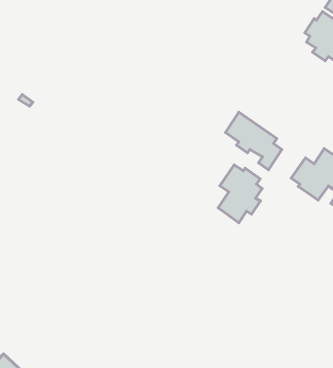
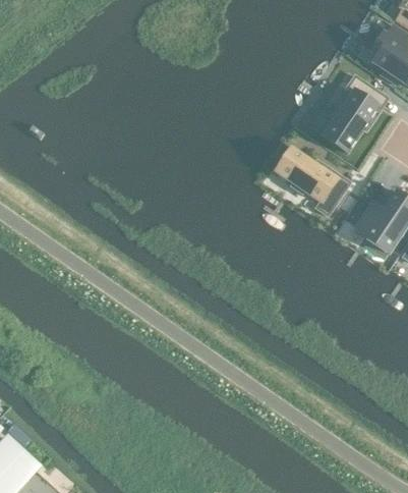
building: none -> [324,74,378,152]
building: [218,165,262,223] -> none

